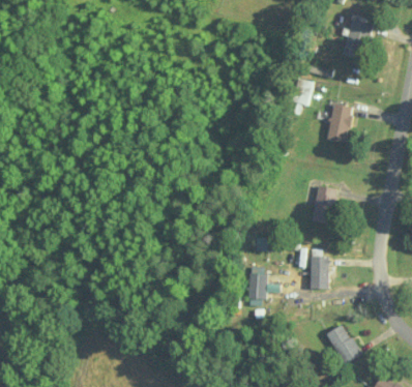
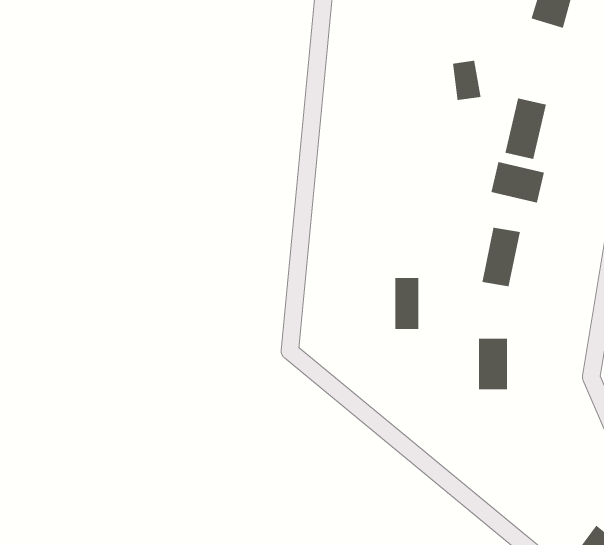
building: none -> [491,161,545,204]
building: [249,267,265,300] -> [395,277,419,330]
building: [328,325,359,364] -> none

